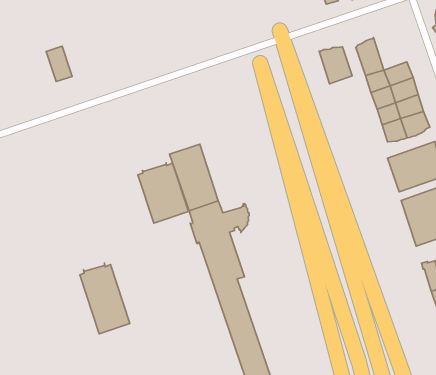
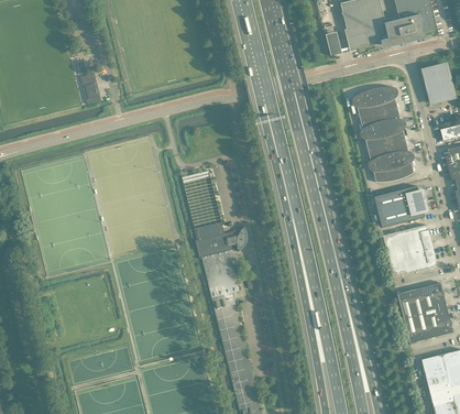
building: [319,47,352,84] -> [371,86,398,118]
building: [138,163,189,223] -> none
building: [80,263,130,334] -> none

